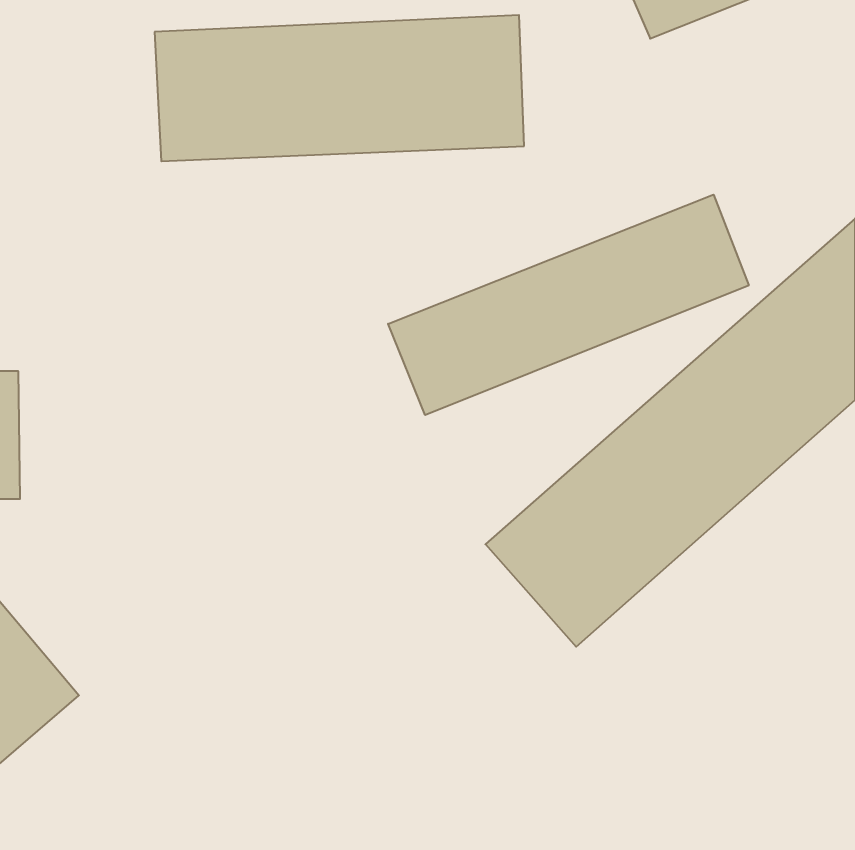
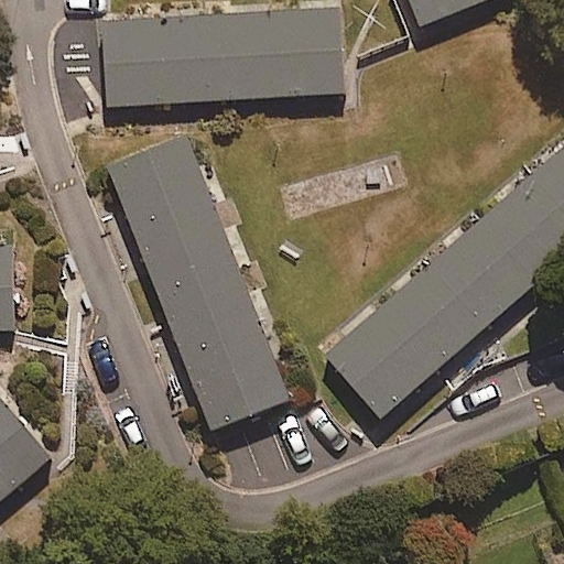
building: [388,195,749,415] -> none
building: none -> [107,131,289,430]

